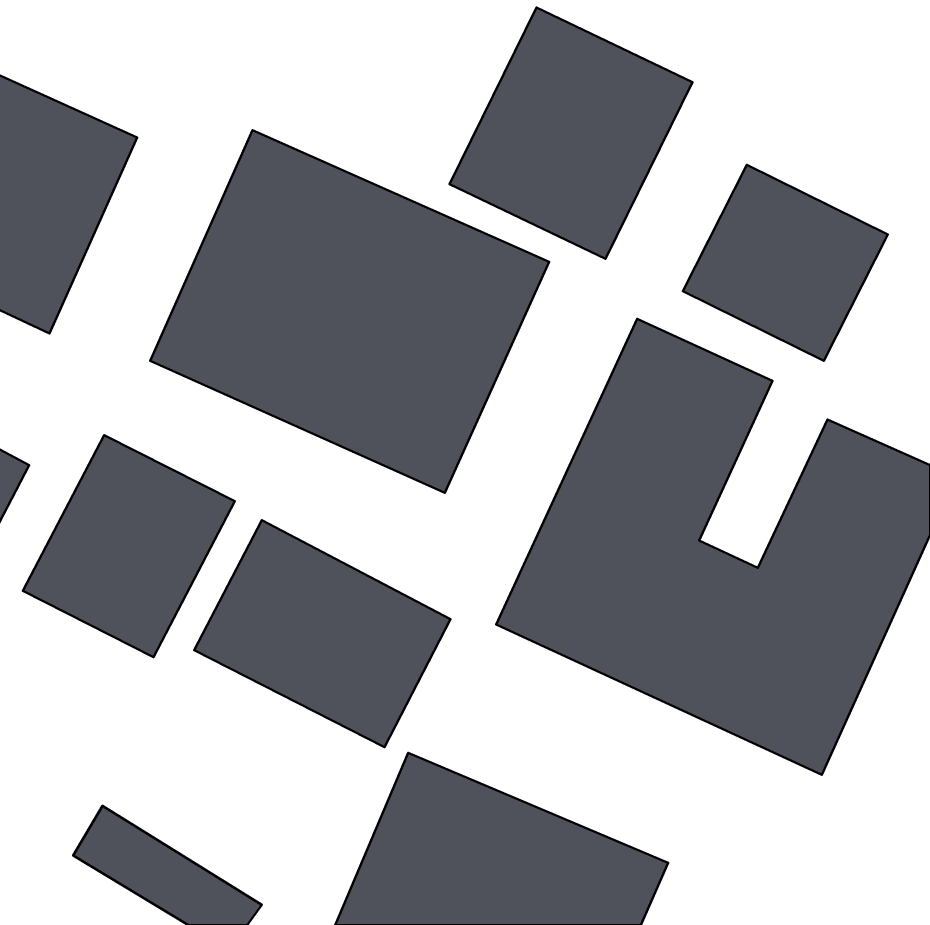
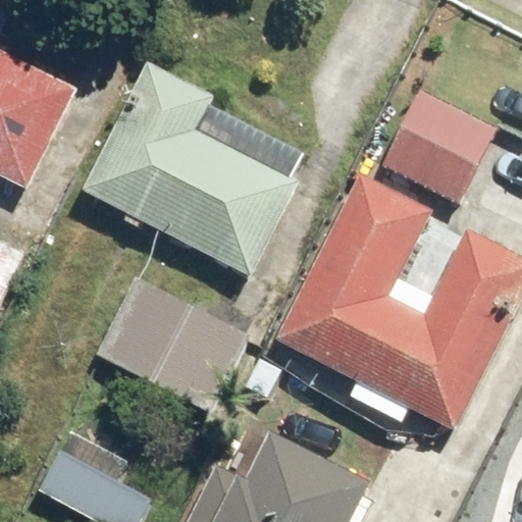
building: [450,7,693,259] -> none
building: [23,435,235,657] -> none

